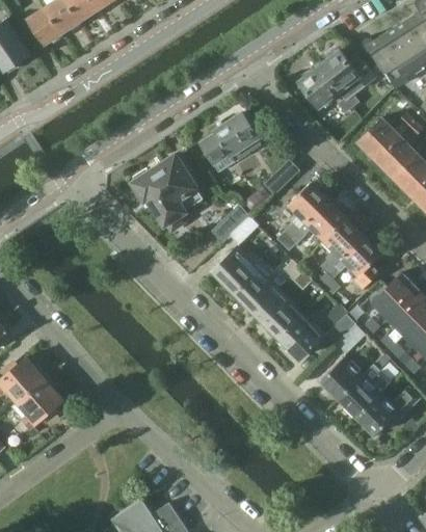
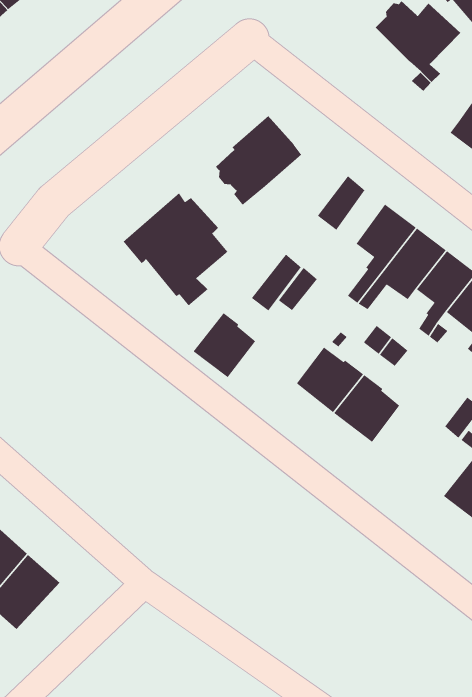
building: [297,65,339,108] -> none
building: [214,248,257,292] -> [193,312,256,378]
building: [279,316,323,358] -> none

